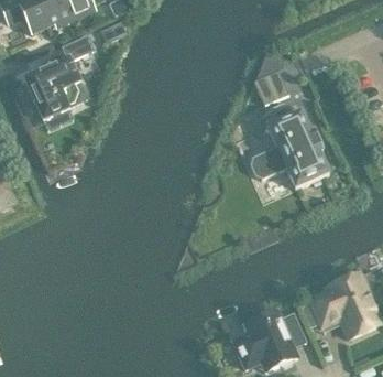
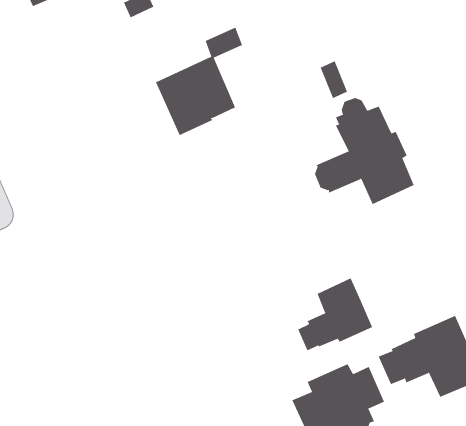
building: [24,35,92,120] -> [155,27,243,136]
building: none -> [298,278,373,351]

